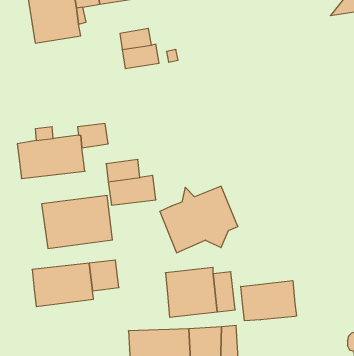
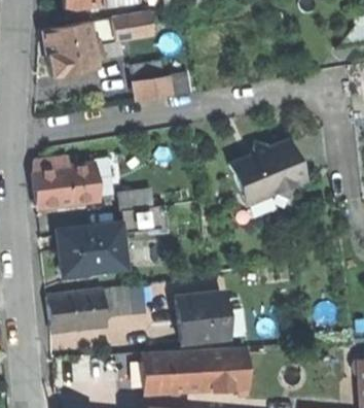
building: [160,186,238,253] -> [230,140,306,205]
building: [241,281,297,321] -> none

